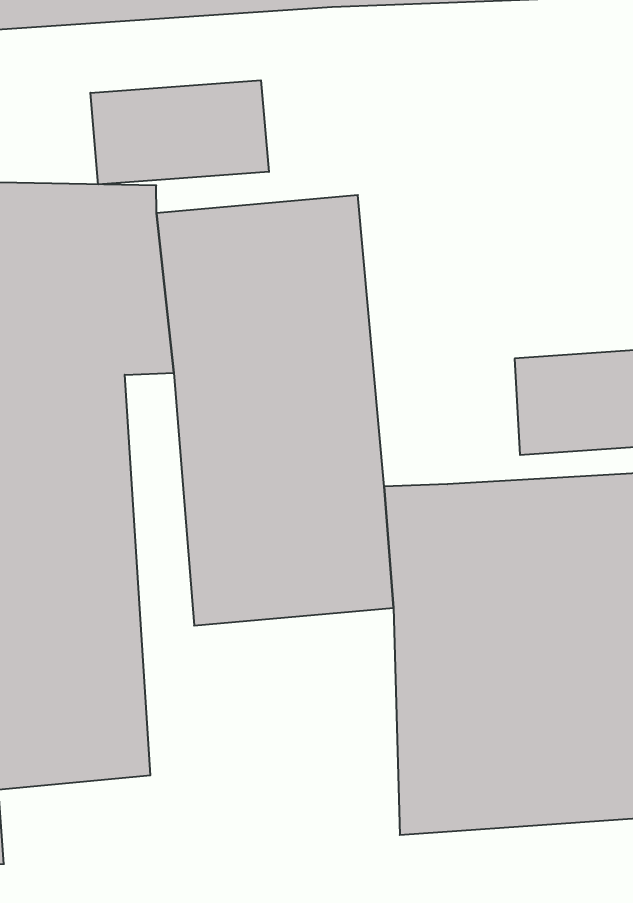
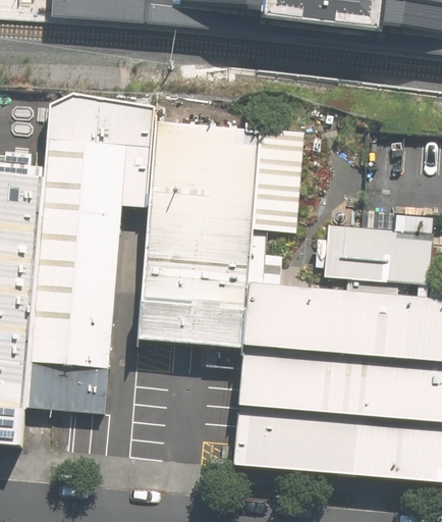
building: [90,80,269,184] -> none
building: none -> [248,129,307,285]

